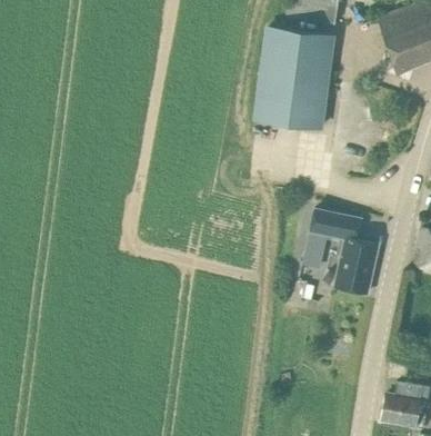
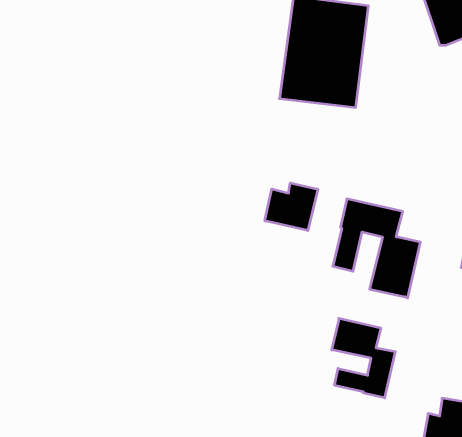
building: none -> [265,183,318,231]
building: none -> [332,318,395,398]

